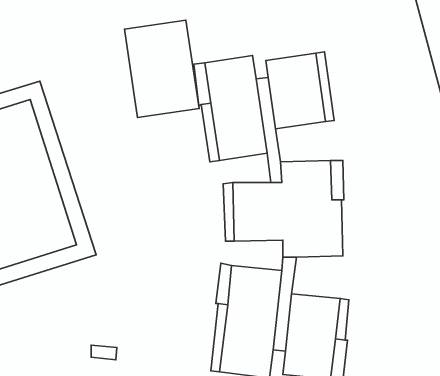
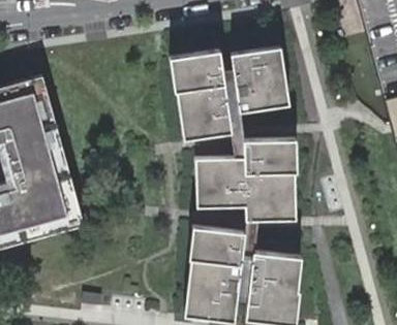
building: [124,20,199,117] -> none

